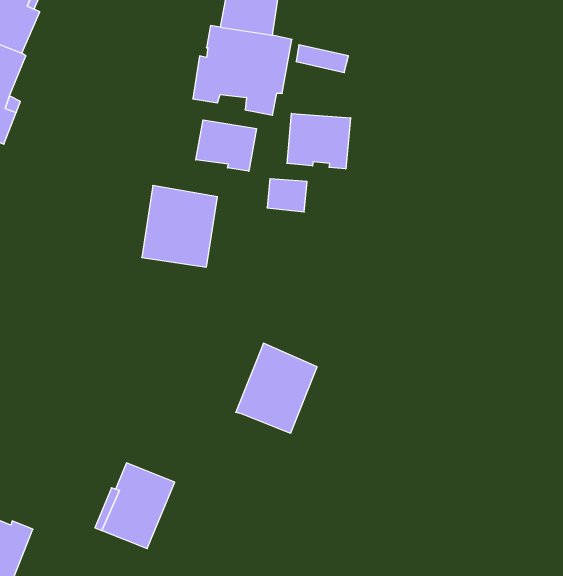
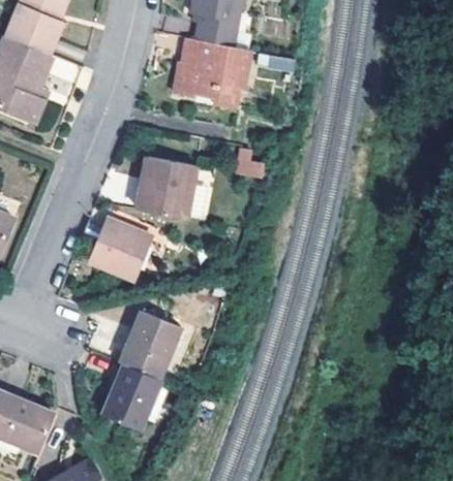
building: [287,113,351,169] -> none
building: [196,120,256,171] -> none
building: none -> [81,218,151,280]
building: [236,343,317,433] -> [121,311,182,378]

